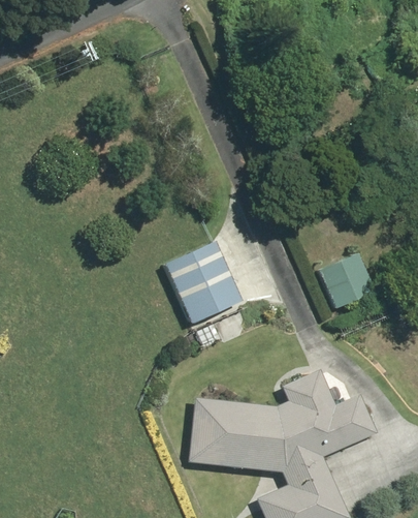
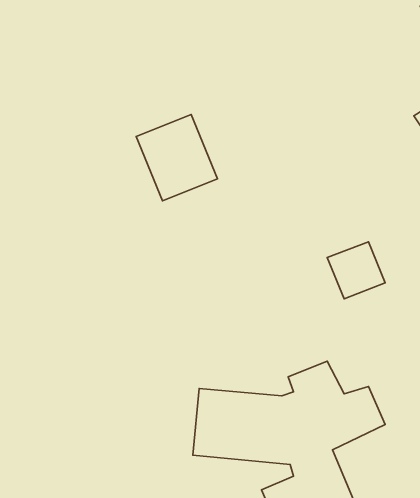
building: [164,241,244,326] -> [136,114,218,201]

